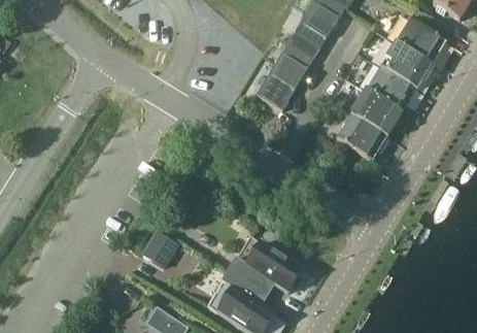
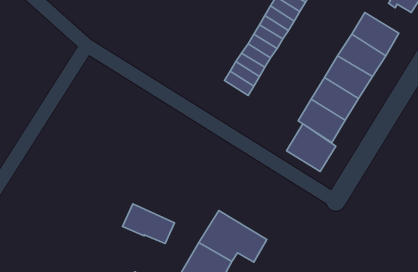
building: none -> [287,124,336,172]

